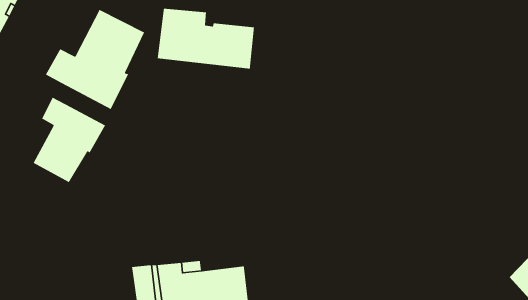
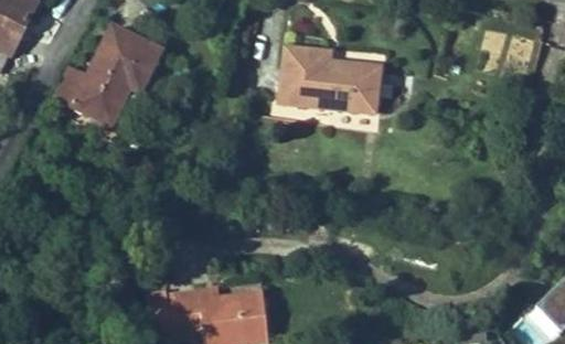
building: [157,8,255,69] -> [277,47,379,111]
building: [33,97,106,183] -> none

